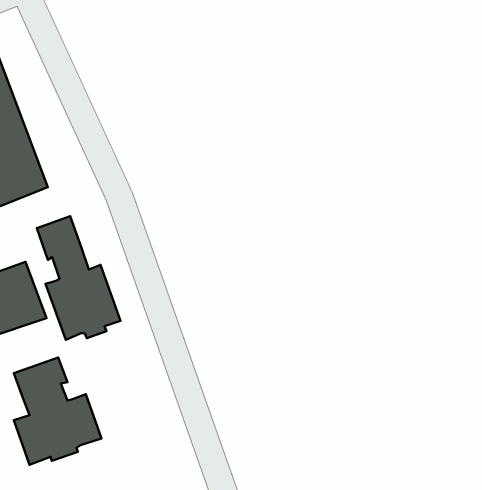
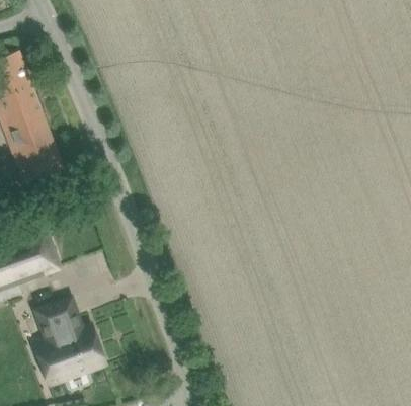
building: [37,216,121,340] -> none

